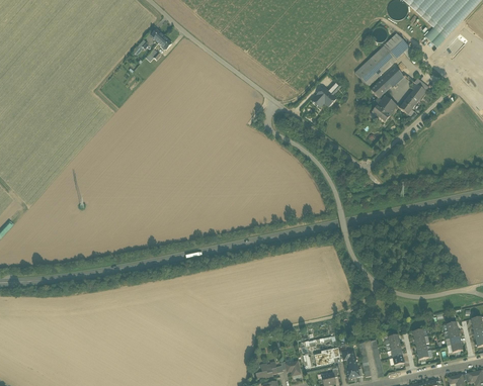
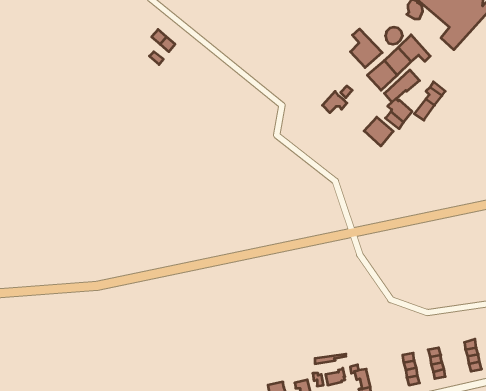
building: none -> [350,29,382,68]
building: none -> [364,117,393,146]

